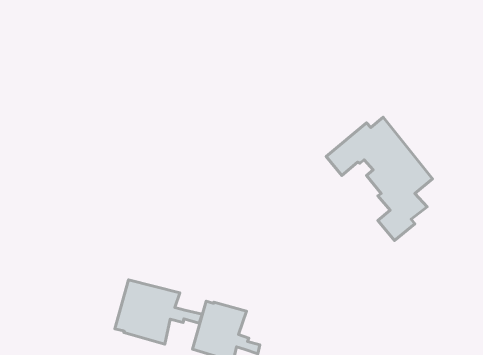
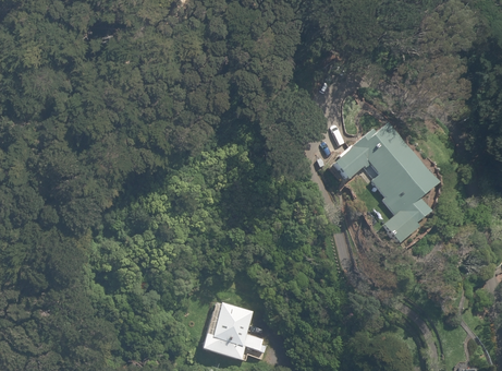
building: [115,280,202,344] -> none

